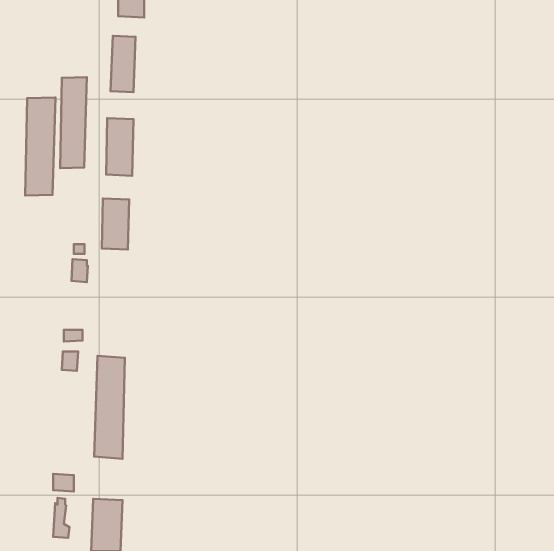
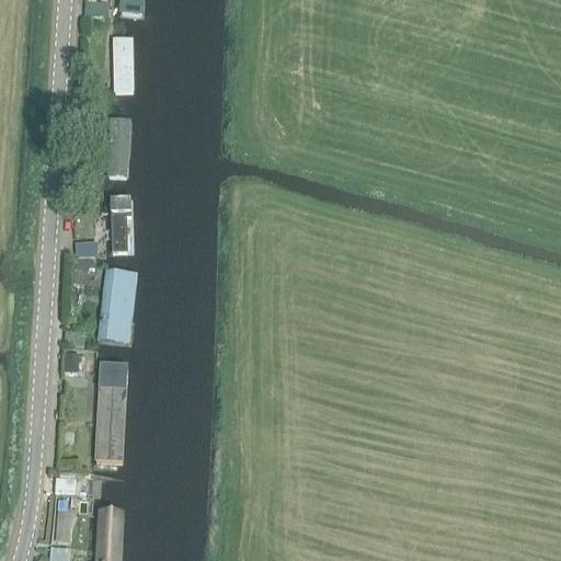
building: [60,77,87,168] -> none
building: [25,98,56,195] -> none
building: none -> [102,270,131,335]

